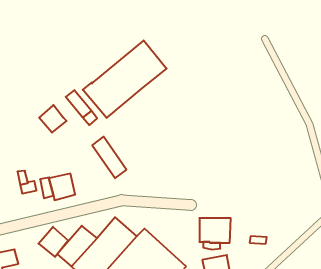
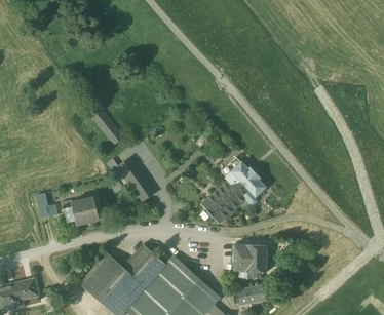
building: [83,40,167,118] -> none
building: [39,105,67,133] -> none
building: none -> [201,156,266,223]
building: [38,227,68,257] -> none

